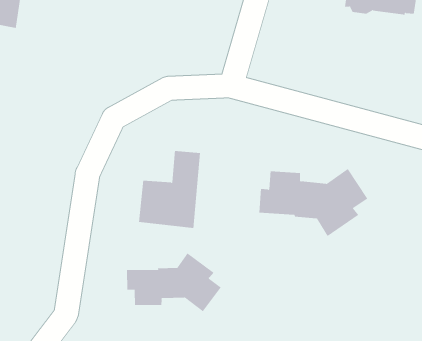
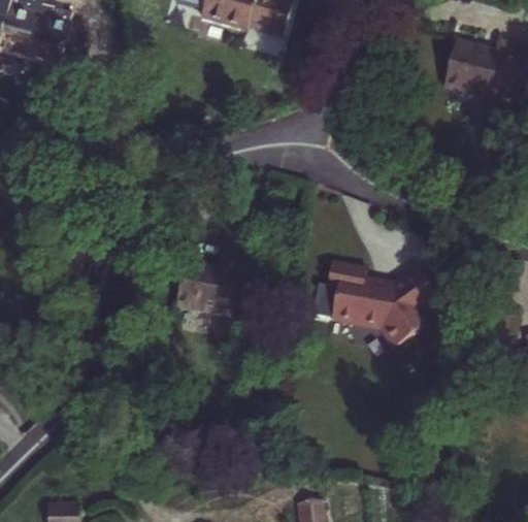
building: [127,252,221,312] -> none

